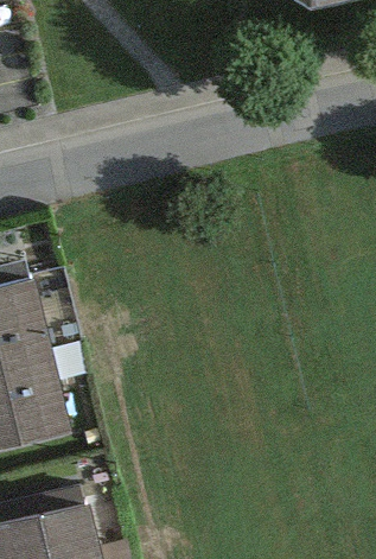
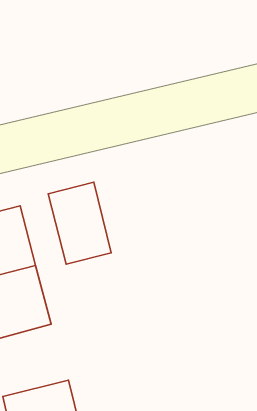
building: none -> [48,182,111,264]

